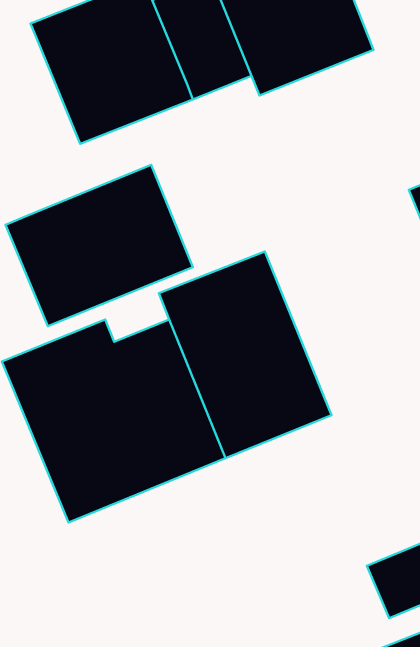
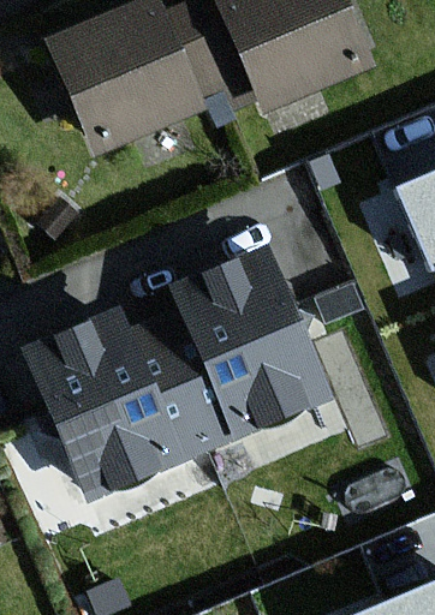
building: [5,165,193,326] -> none

